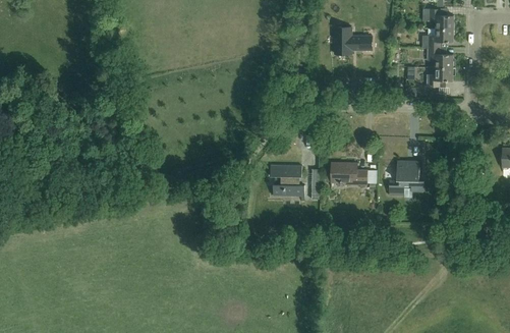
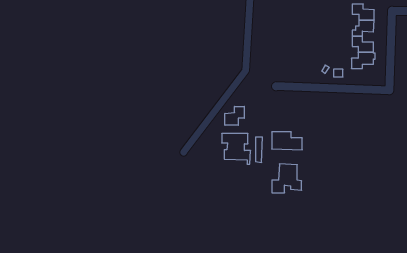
building: [334,27,372,54] -> none
building: none -> [225,106,244,125]
building: [389,161,424,196] -> [272,164,302,193]

